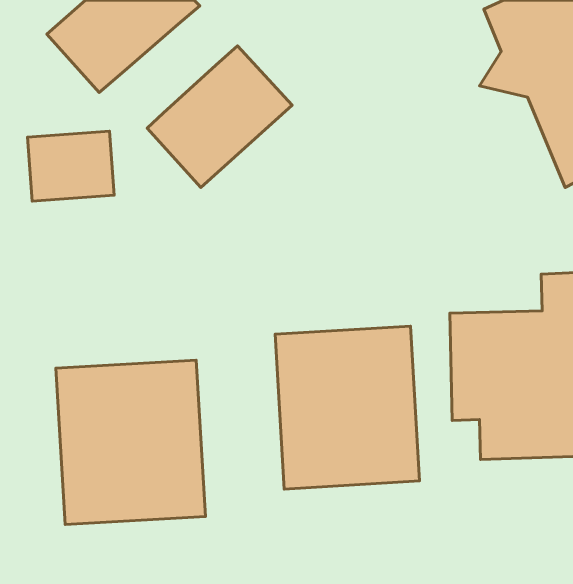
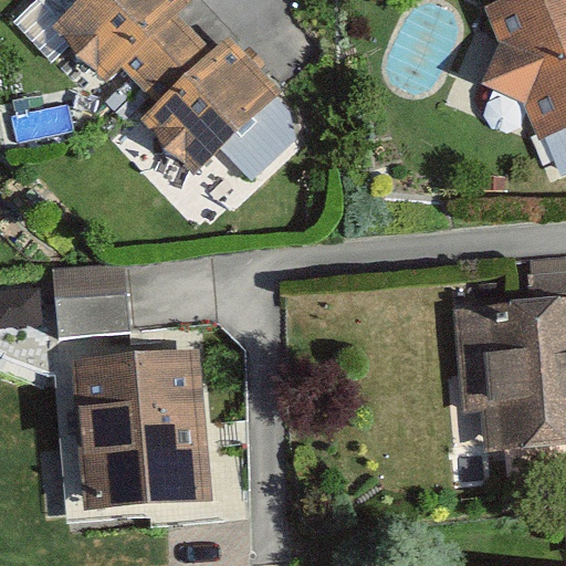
building: none -> [130,23,219,109]
building: [27,131,114,201] -> [51,259,135,326]
building: [275,326,420,489] -> none

